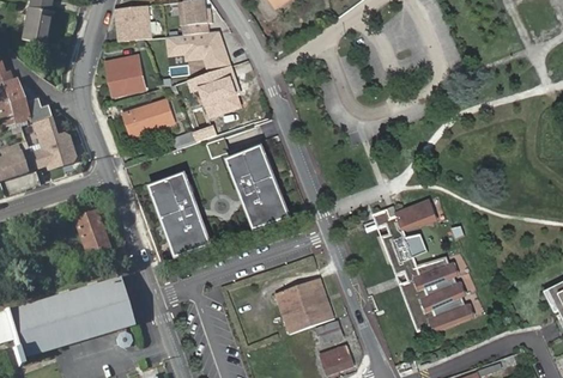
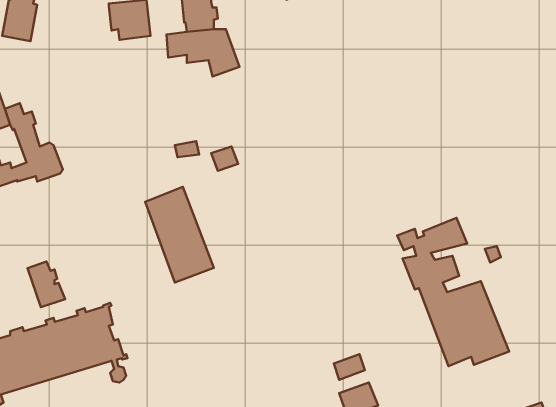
building: [108,57,144,96] -> none
building: [188,65,247,117] -> none
building: [123,99,176,135] -> none
building: [228,144,289,228] -> none
building: [74,212,108,252] -> [27,261,65,307]
building: [276,278,334,333] -> none

